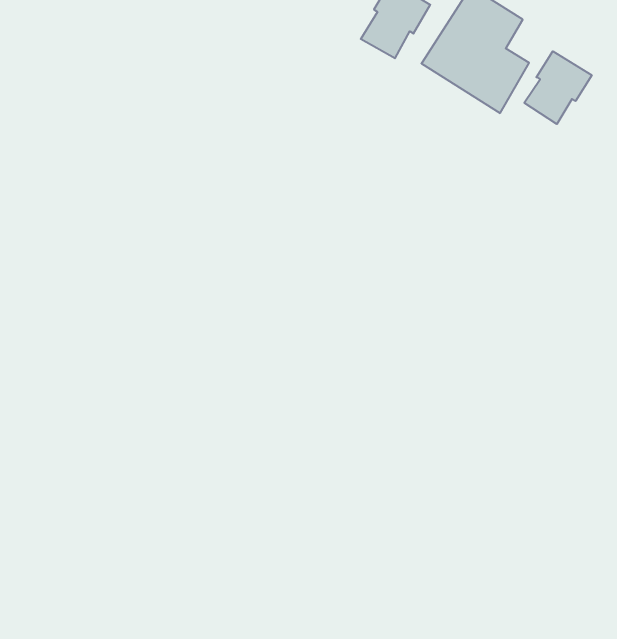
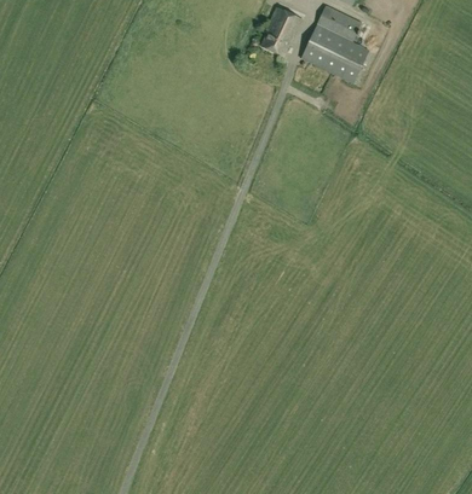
building: [524,51,592,124] -> none

